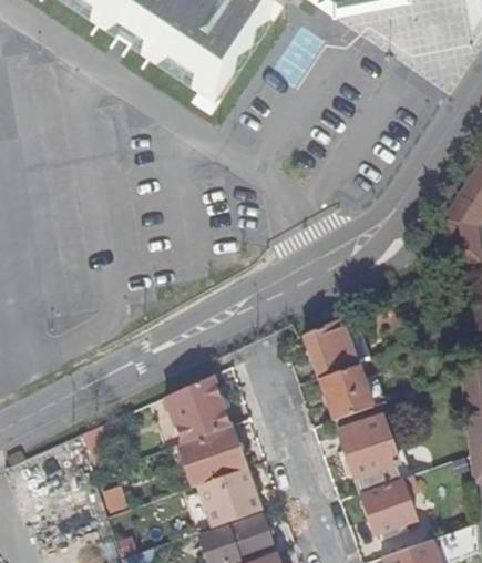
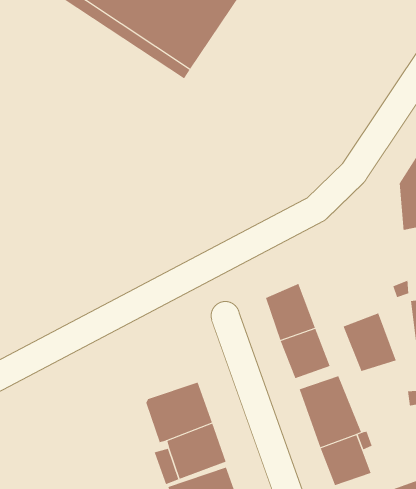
building: none -> [343,312,397,372]
building: [163,372,234,442] -> none

